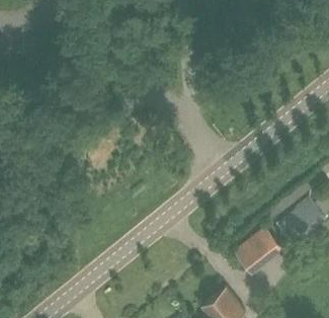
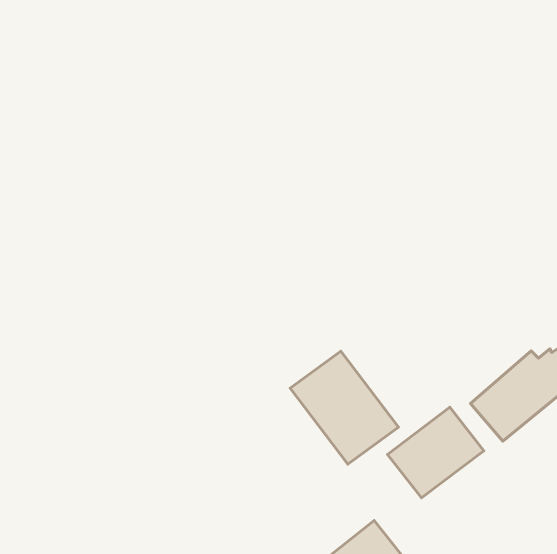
building: none -> [290,351,399,464]

